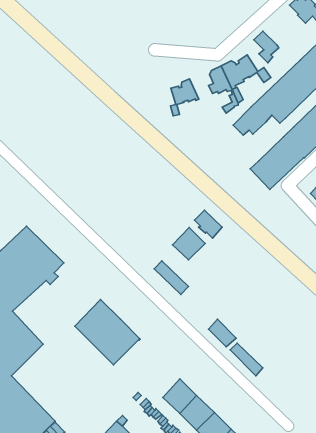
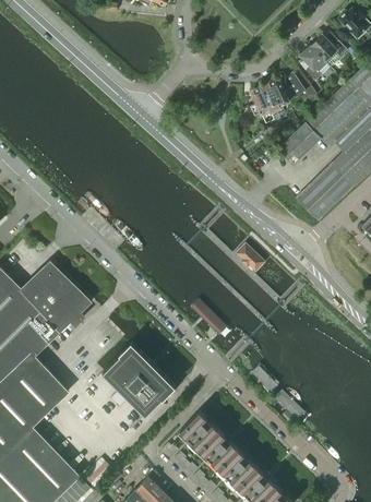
building: none -> [309,36,346,68]
building: [171,79,199,116] -> none
building: [173,227,205,260] -> none
building: none -> [179,411,217,451]

